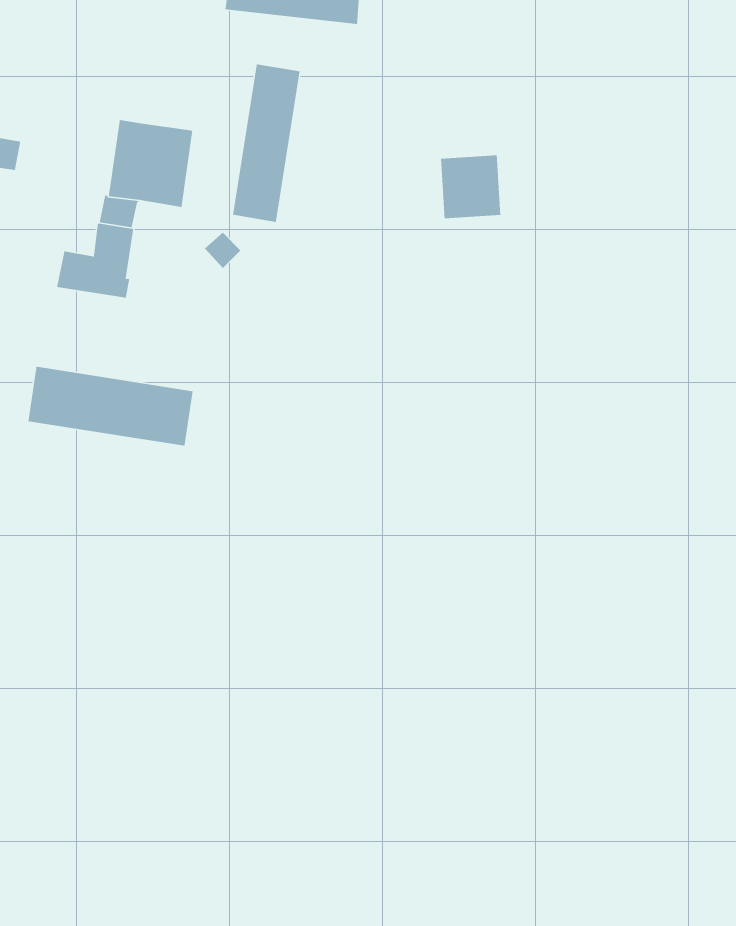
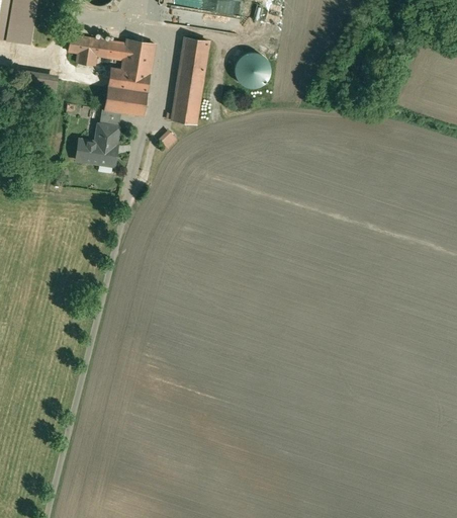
building: none -> [68,35,156,74]
building: [440,155,501,219] -> [234,53,267,88]
building: [27,366,194,447] -> none

